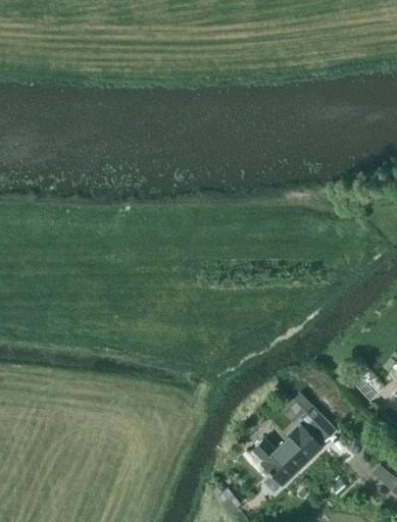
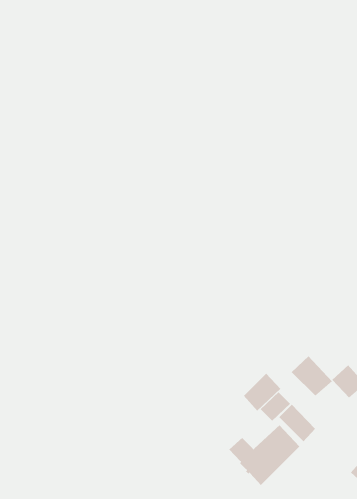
building: none -> [291,356,333,397]
building: none -> [243,373,281,412]

